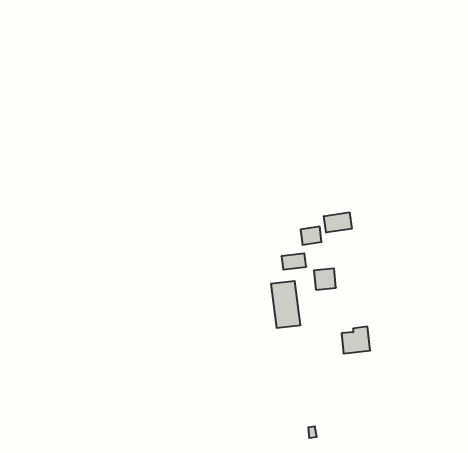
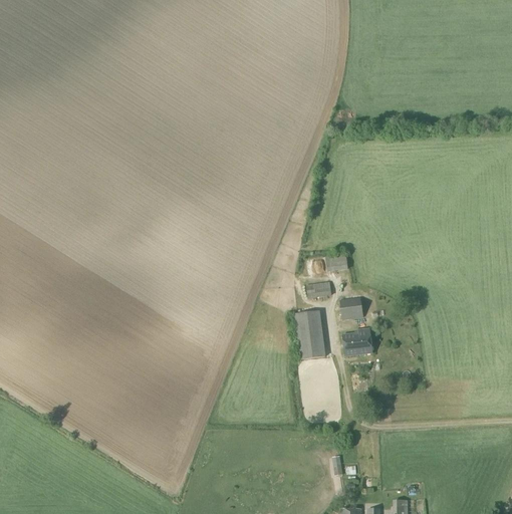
building: [324,212,352,233] -> none
building: [342,327,370,353] -> [342,327,372,355]

